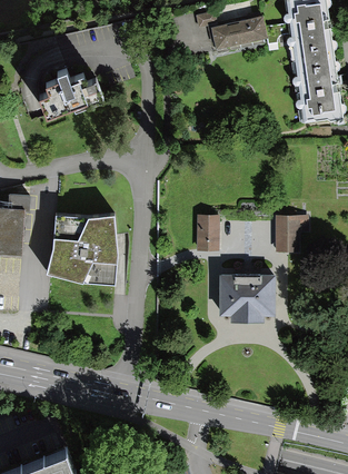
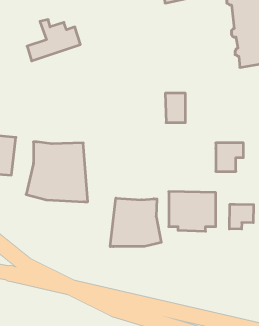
building: [193,216,218,251] -> [165,93,185,123]
building: none -> [110,198,161,247]
building: none -> [229,204,254,229]

